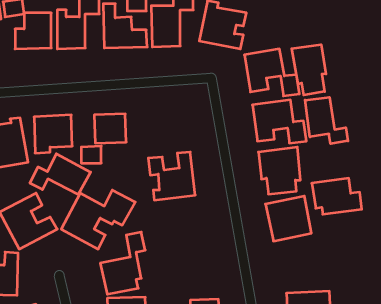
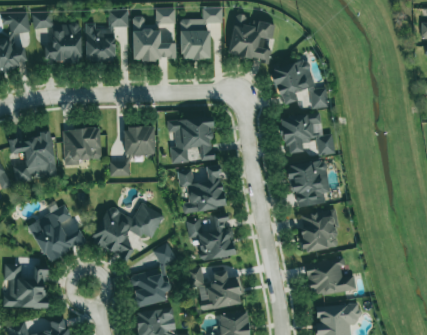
building: [292,45,326,95] -> none
building: [305,97,348,144] -> none
building: none -> [167,119,214,164]
building: [30,154,91,194] -> none
building: [312,178,362,214] -> [305,259,355,295]
building: none -> [186,214,234,260]
building: none -> [188,266,242,311]

